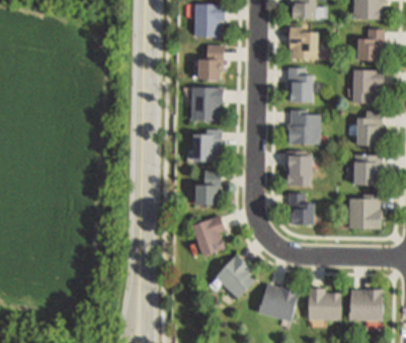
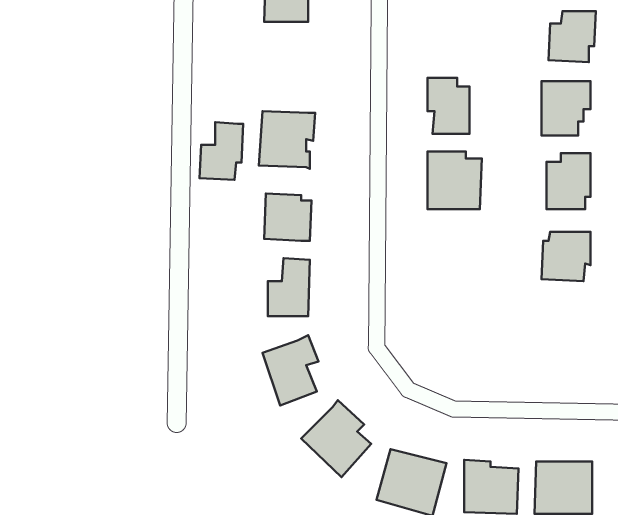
building: [290,27,316,59] -> none
building: [198,45,224,78] -> [199,122,243,180]
building: [287,156,311,185] -> none
building: [348,194,382,229] -> none
building: [287,195,314,226] -> none

